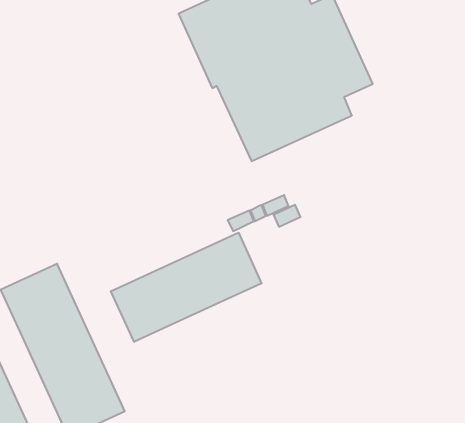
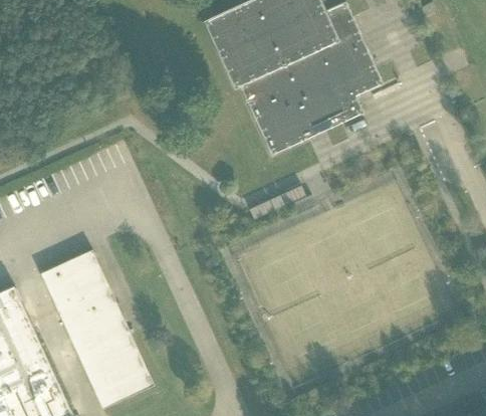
building: [111,233,262,342] -> none

